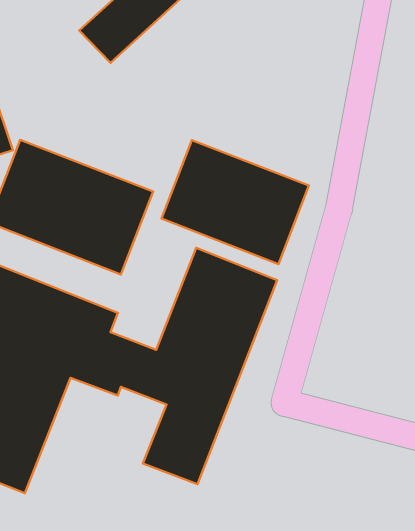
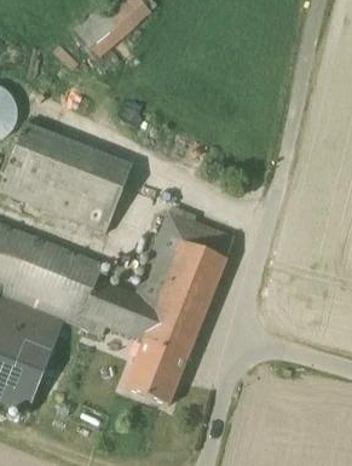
building: [162,140,309,264] -> none

